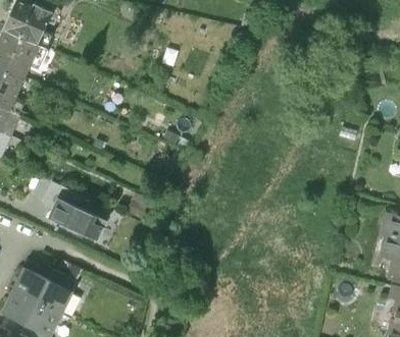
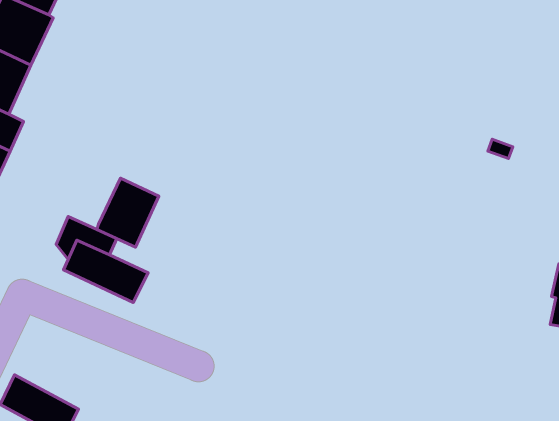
building: none -> [97,178,159,247]
building: [13,269,68,313] -> none

